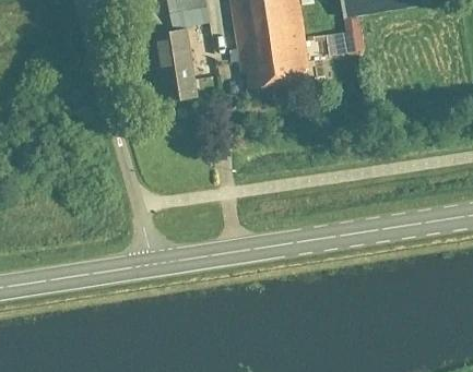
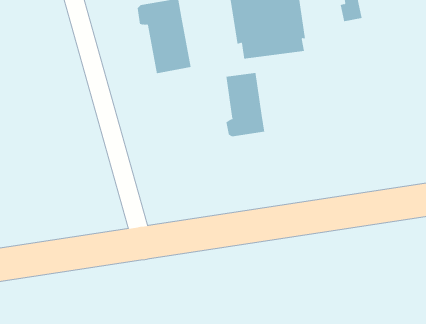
building: none -> [226,72,265,137]

